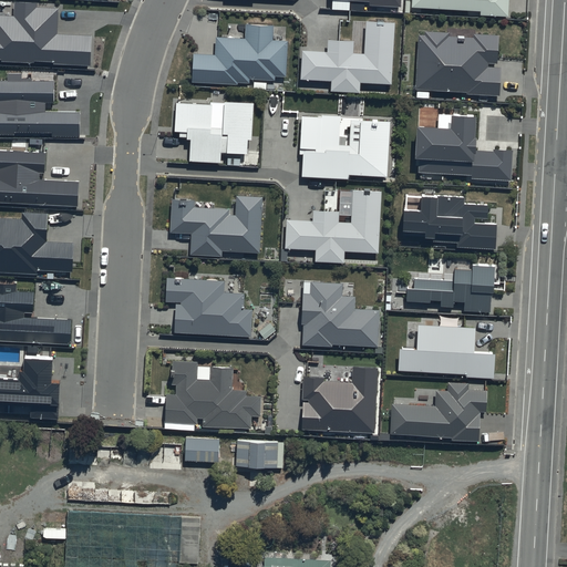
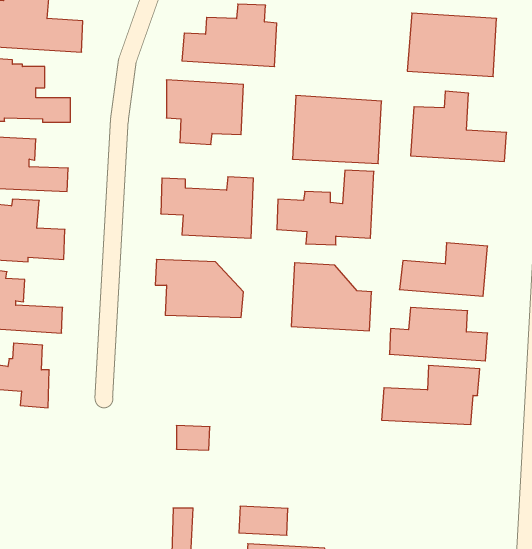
building: [301,24,392,92] -> none
building: [402,192,496,248] -> none
building: [163,359,260,427] -> none
building: [300,363,379,433] -> none
building: [236,443,285,472] -> [239,506,288,535]

